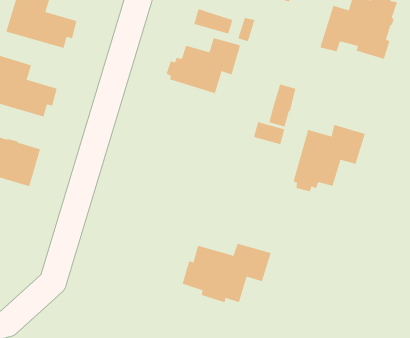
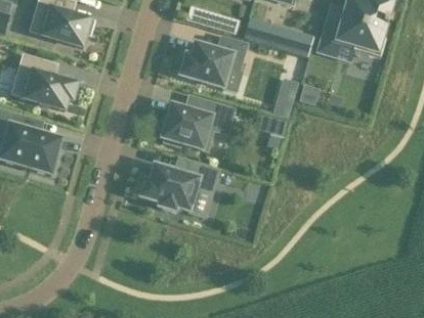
building: none -> [275,27,312,55]
building: none -> [159,99,234,150]
building: [293,124,365,192] -> none
building: [182,243,271,303] -> [137,160,220,215]

